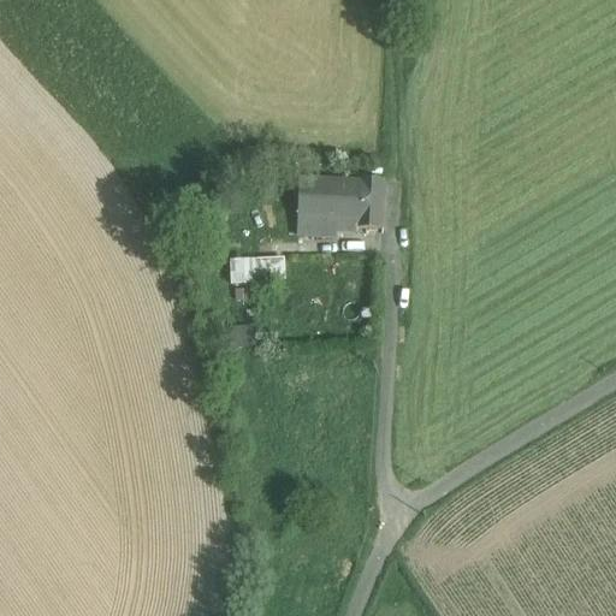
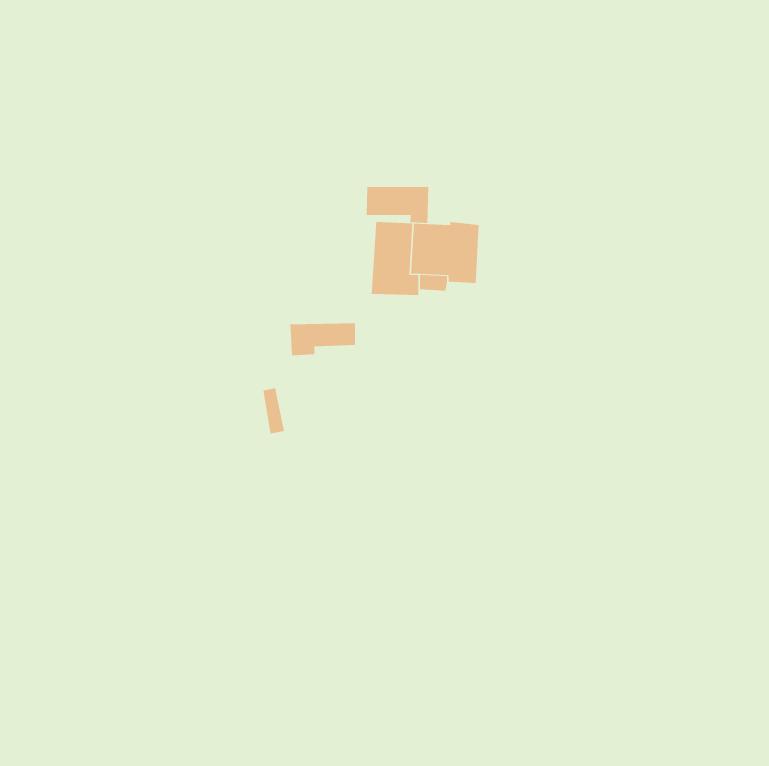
building: none -> [366,186,429,224]

